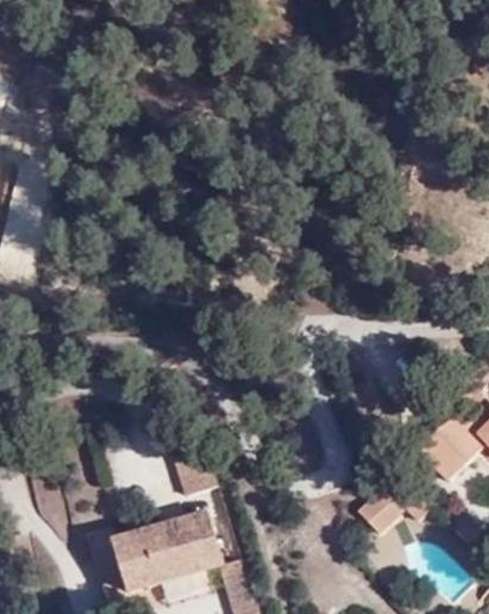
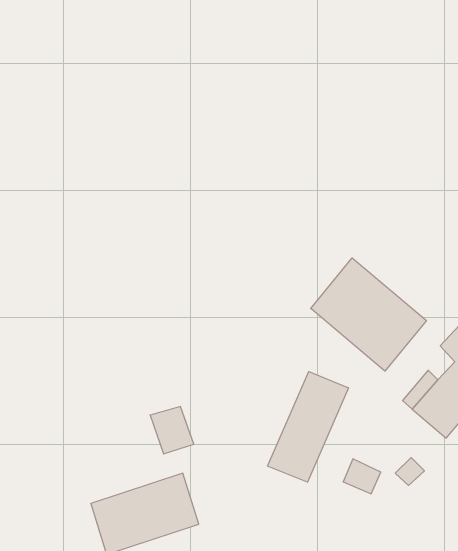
building: none -> [311,258,426,371]
building: none -> [268,372,348,482]

